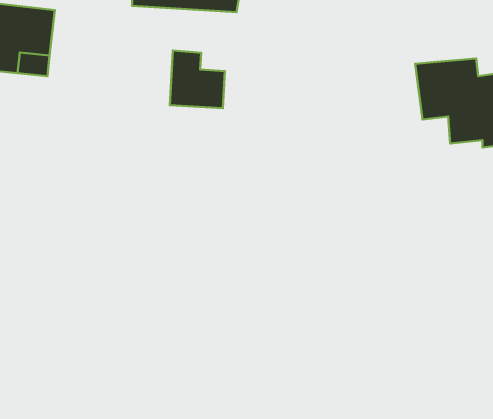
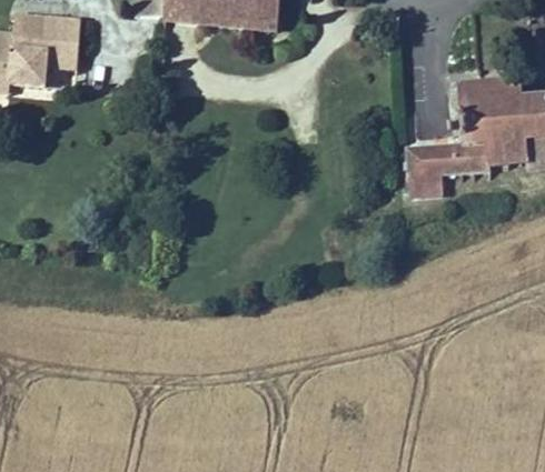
building: [170,51,225,108] -> none
building: none -> [410,139,497,199]

